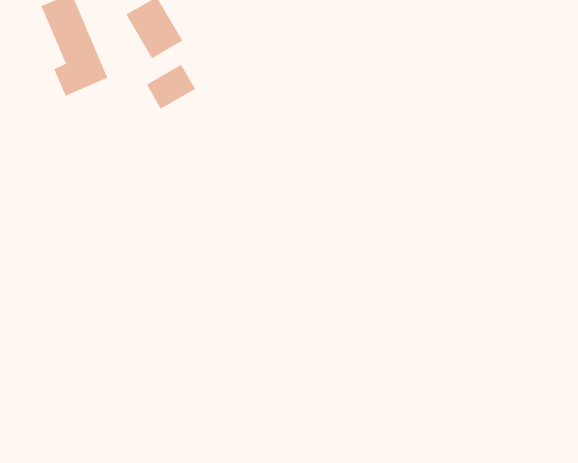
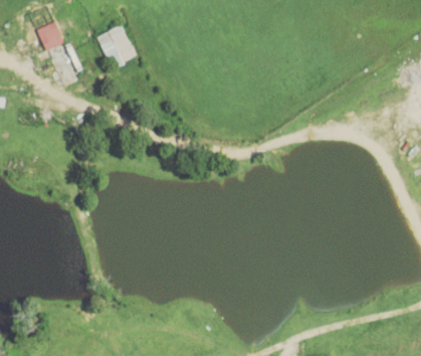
building: [146,64,196,110] -> none

